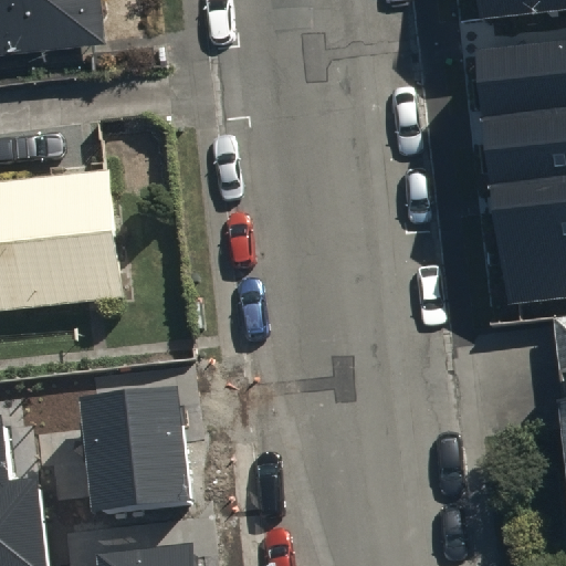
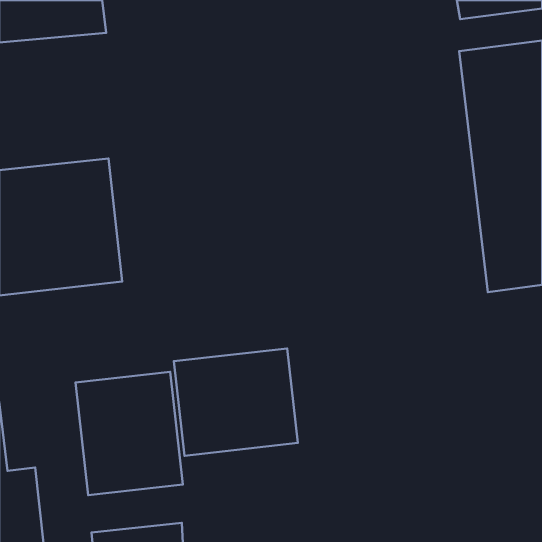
building: none -> [174,348,298,456]

